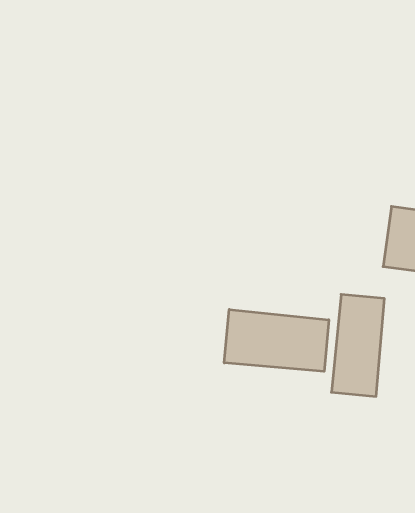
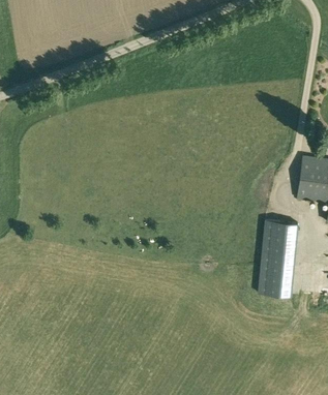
building: [224,309,329,371] -> none

